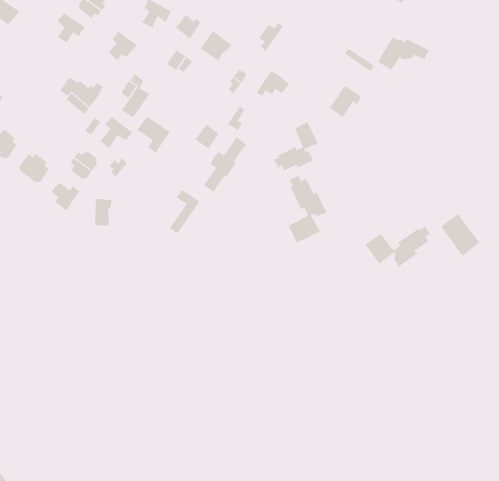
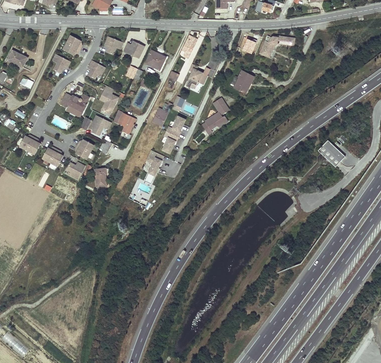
building: [288,175,327,243] -> none
building: [365,225,431,267] -> none

